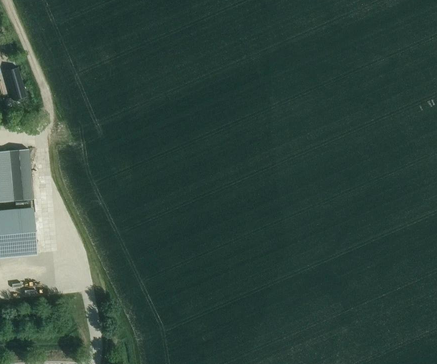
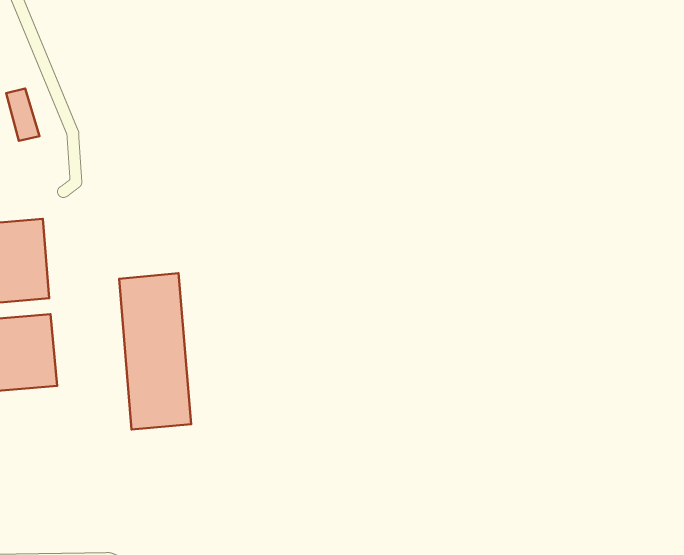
building: none -> [119,273,191,430]

